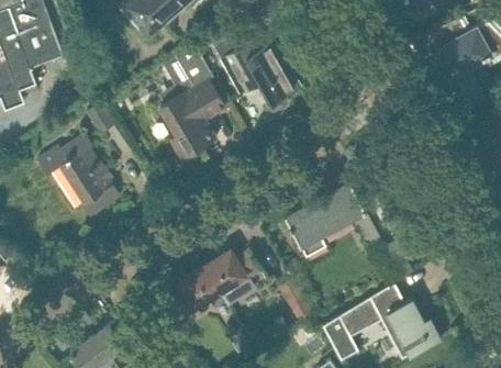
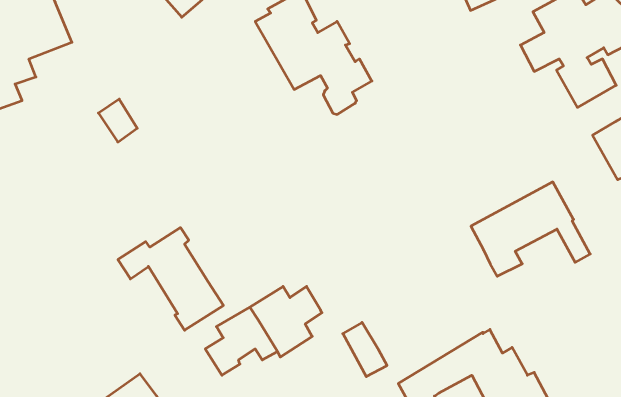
building: [159,44,225,158] -> none
building: [36,136,120,218] -> [118,228,223,330]
building: [285,182,379,257] -> [471,182,590,276]

